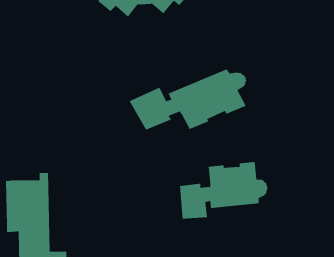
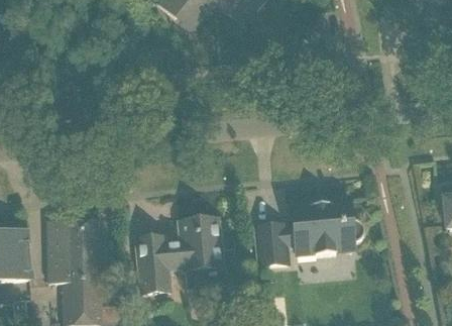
building: [129,68,247,130] -> none
building: none -> [135,216,236,292]

